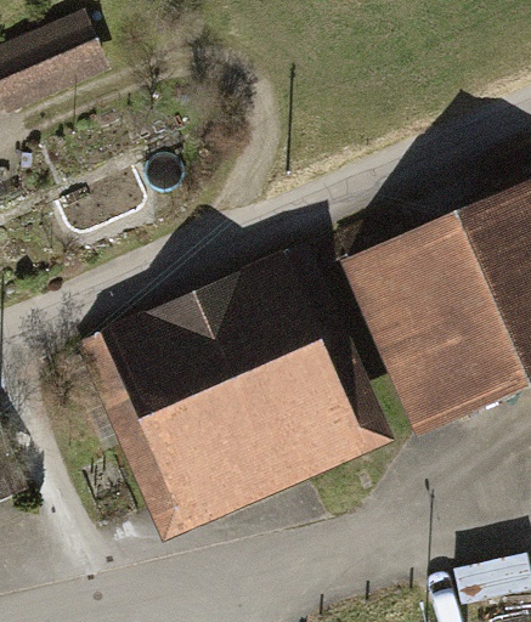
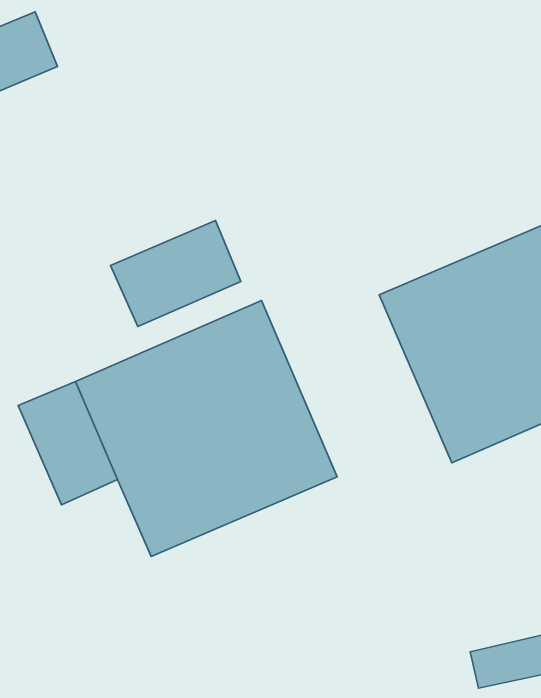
building: none -> [110,220,241,327]

